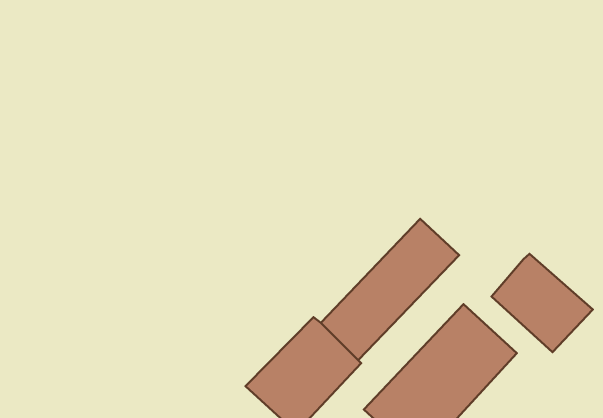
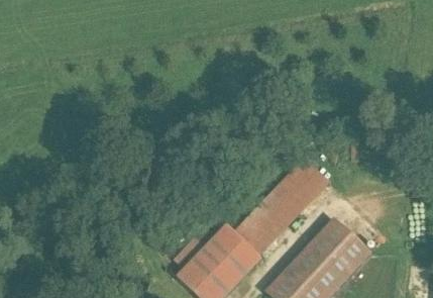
building: [492,254,593,352] -> none

